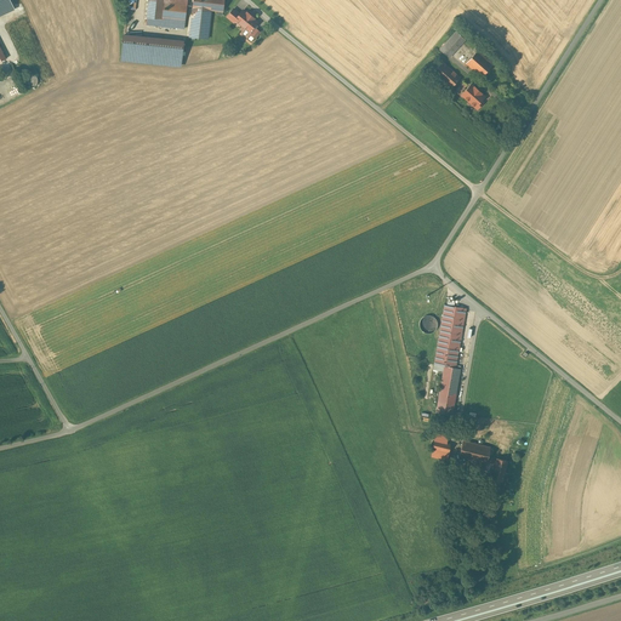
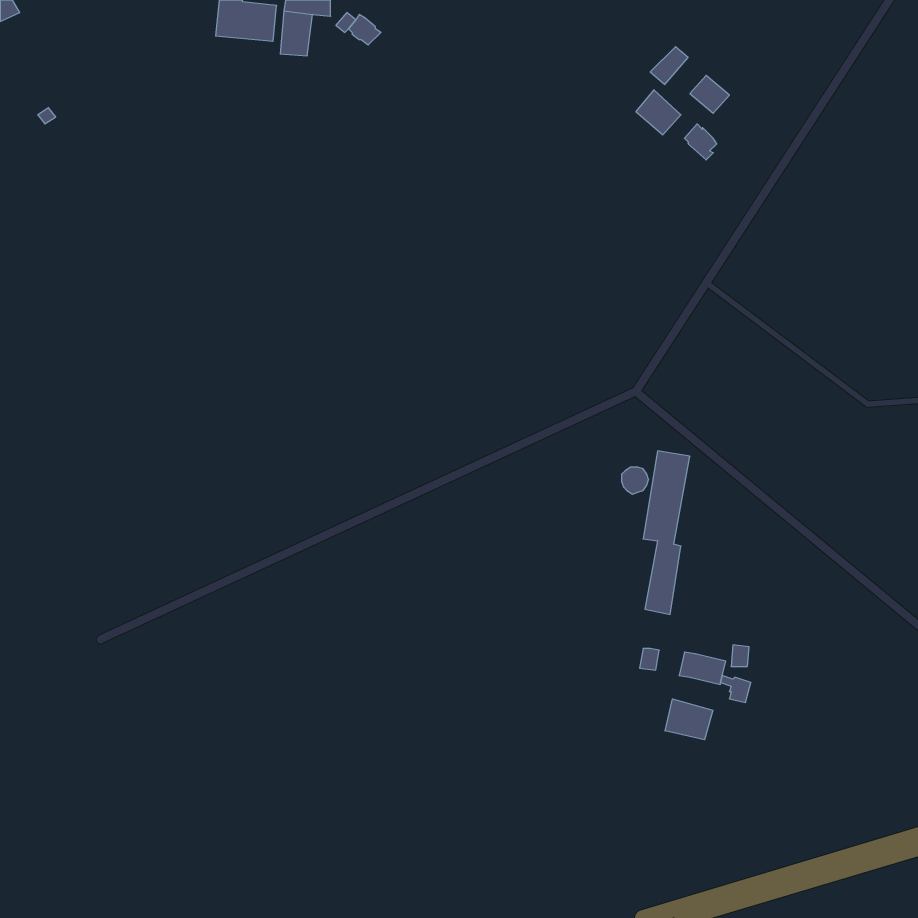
building: [120,34,183,68] -> none
building: none -> [665,699,713,740]

